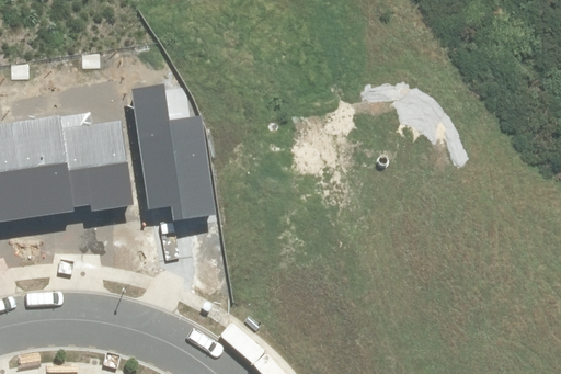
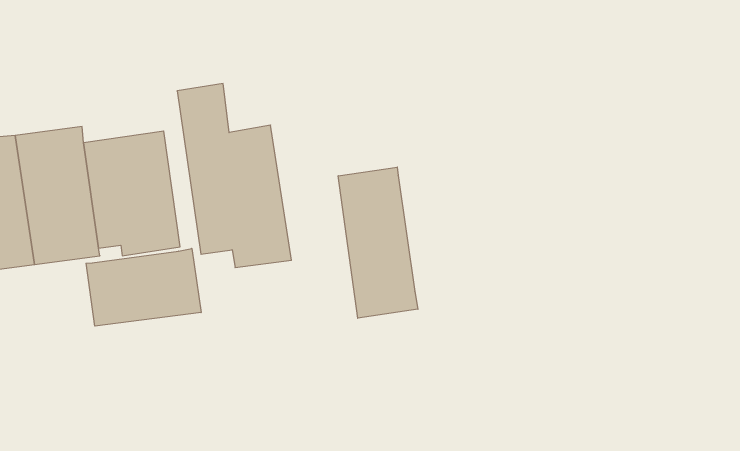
building: none -> [338,167,418,318]
building: none -> [86,248,201,326]

